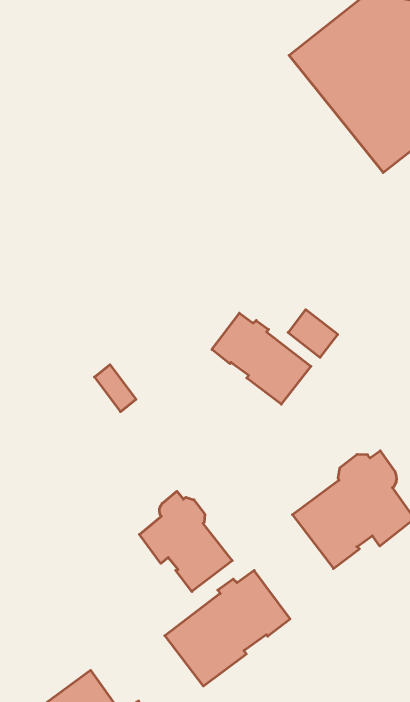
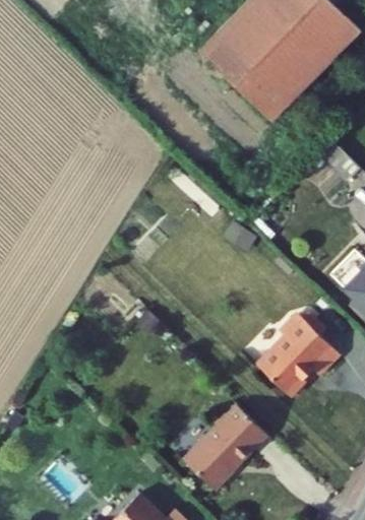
building: [212,313,311,404] -> none
building: [139,491,232,592] -> none

